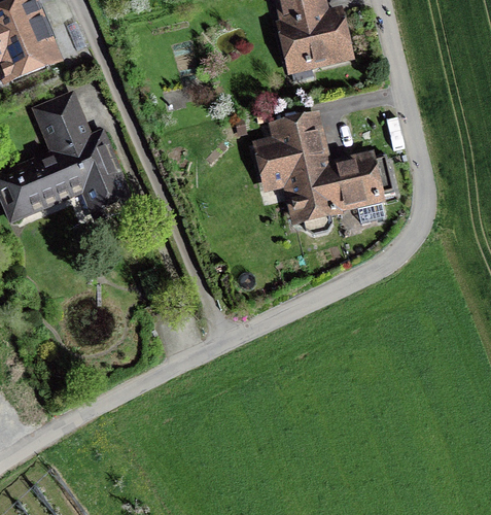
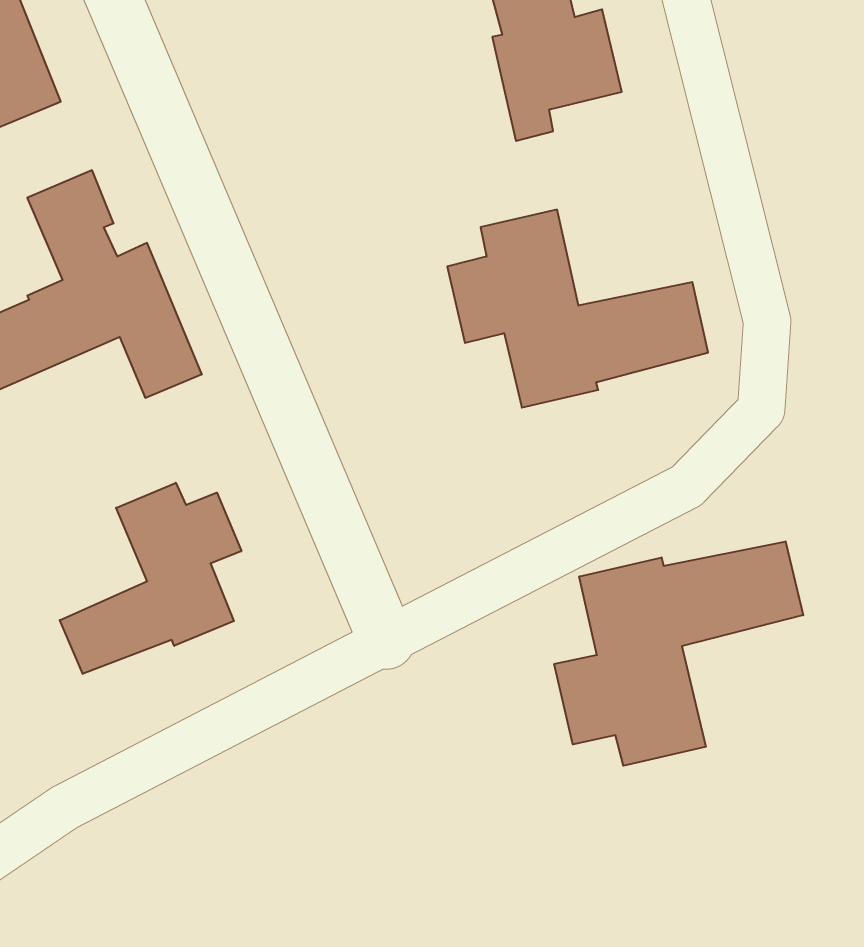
building: none -> [60,483,241,674]
building: none -> [554,541,803,766]

